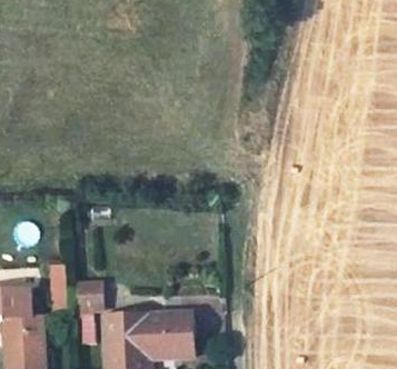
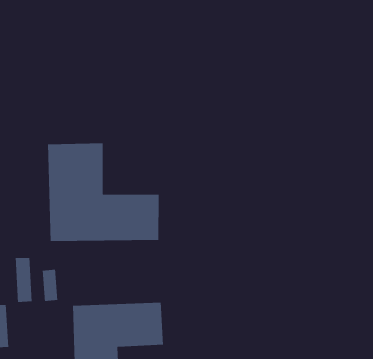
building: none -> [47,142,160,242]

